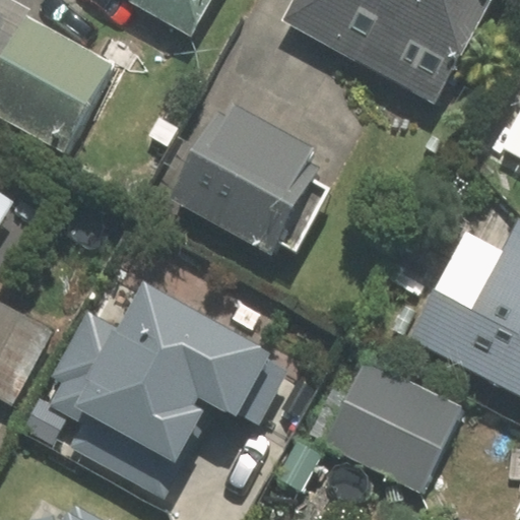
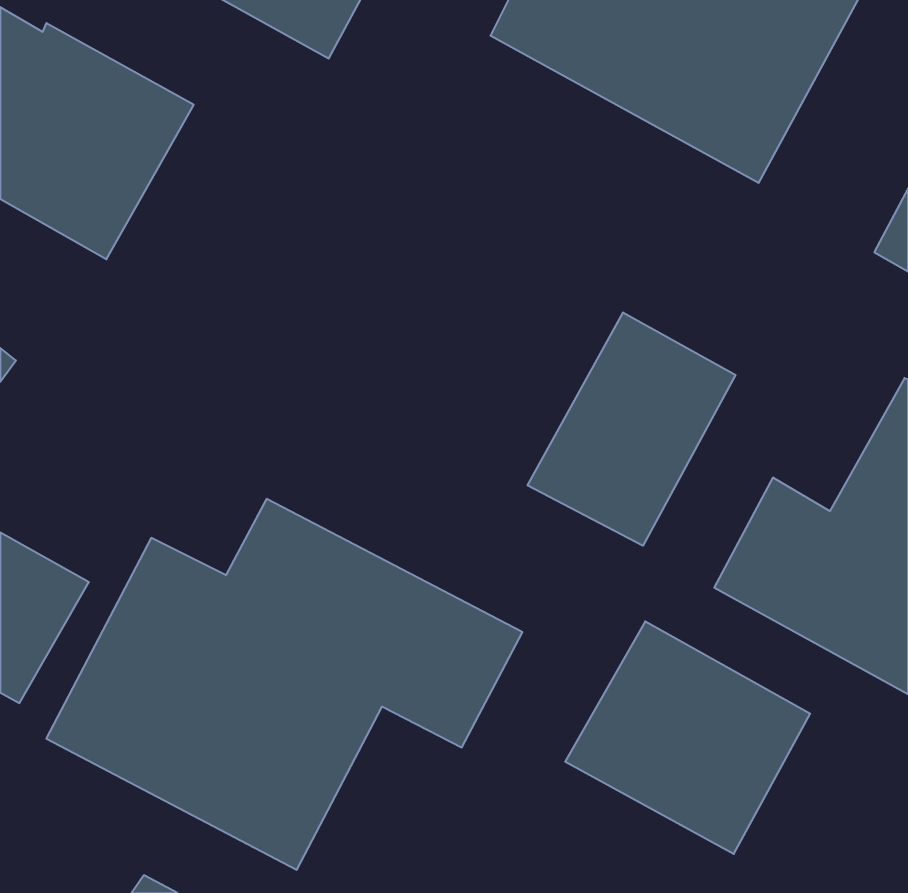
building: [172,108,328,254] -> none
building: none -> [528,312,736,546]

